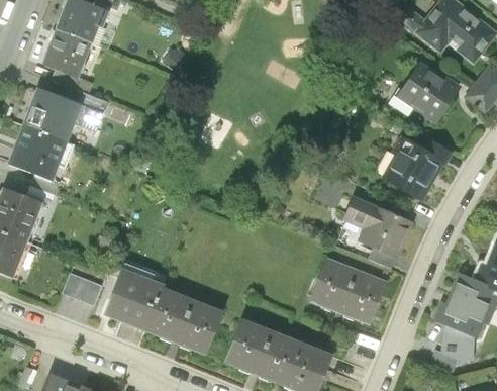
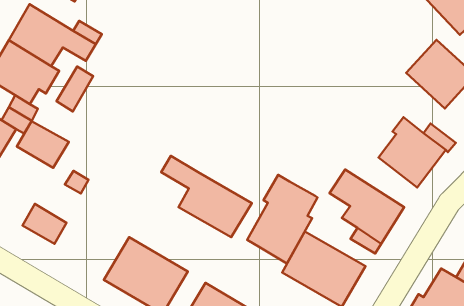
building: none -> [56,67,93,111]
building: none -> [17,121,69,168]
building: none -> [161,156,252,237]
building: none -> [247,175,318,264]
building: [102,269,164,332] -> none

